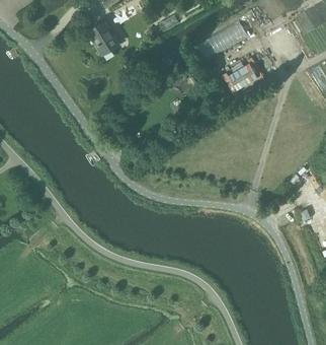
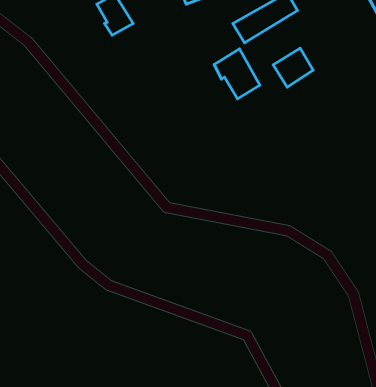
building: none -> [214,49,260,99]

